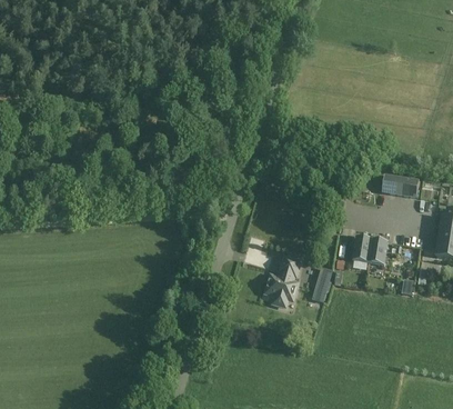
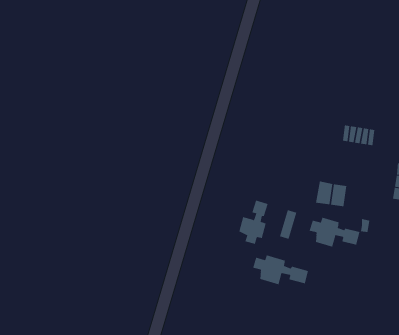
building: none -> [309,217,360,248]
building: none -> [253,254,308,285]

